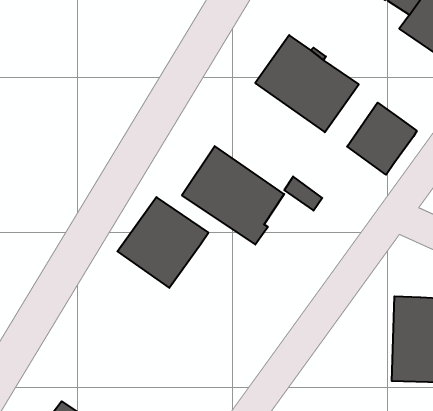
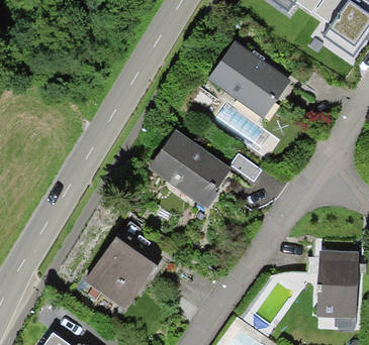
building: [347,103,417,175] -> none
building: [117,197,208,288] -> [85,237,158,310]

